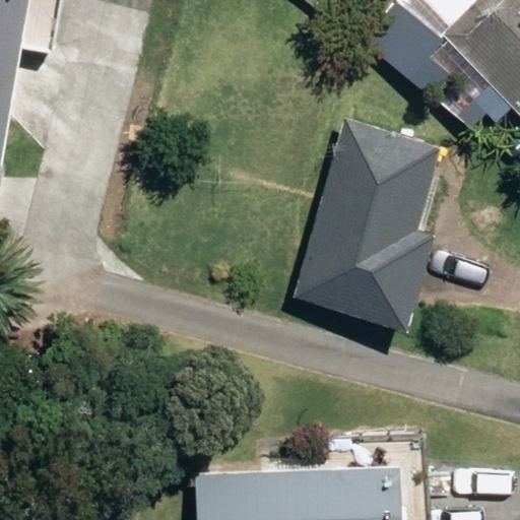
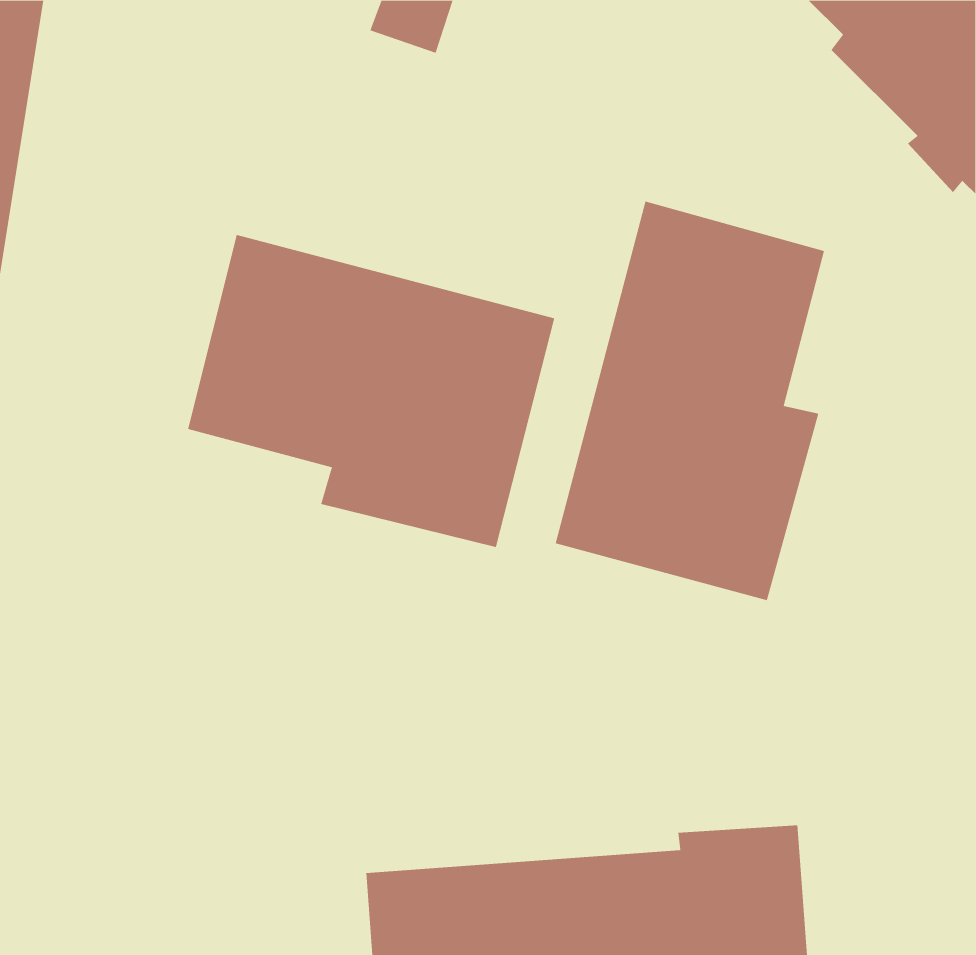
building: none -> [187,234,555,548]

